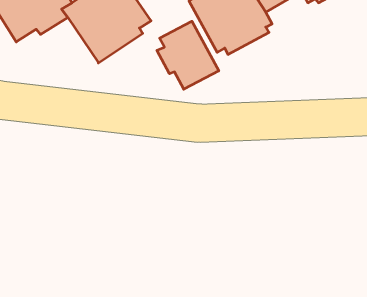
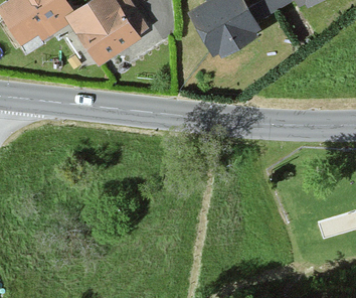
building: [157,21,219,89] -> none

